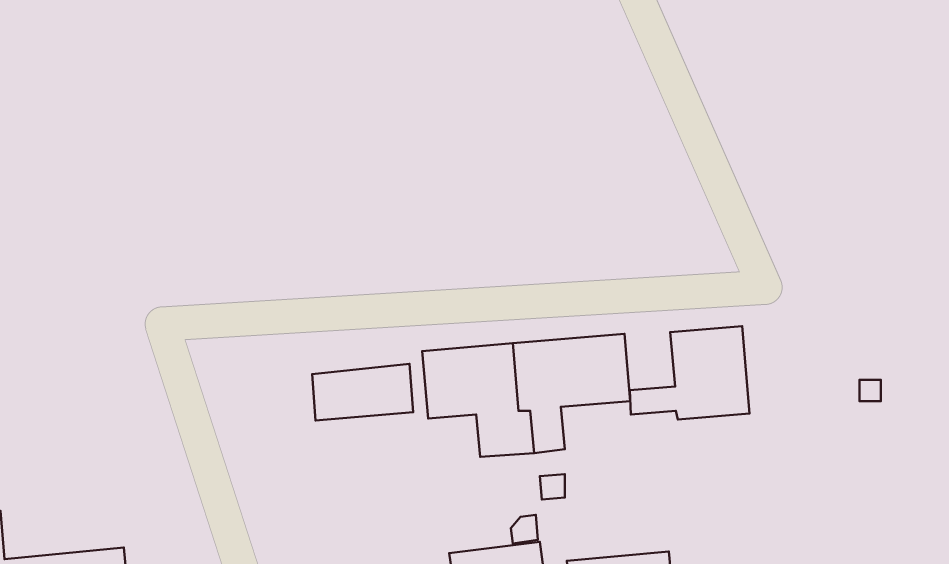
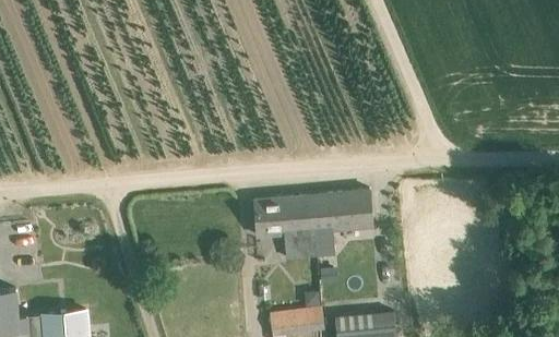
building: [630,326,750,420] -> none
building: [312,364,413,420] -> none

